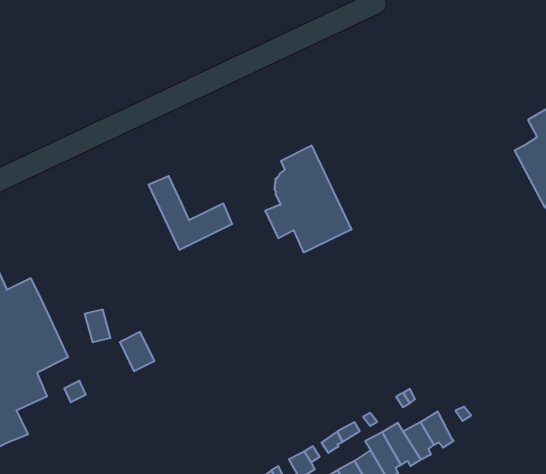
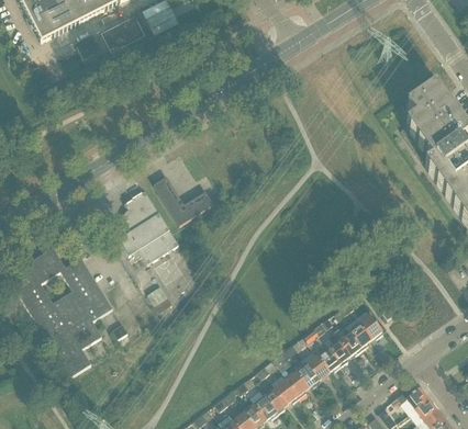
building: [265,146,352,252] -> [118,189,178,262]

